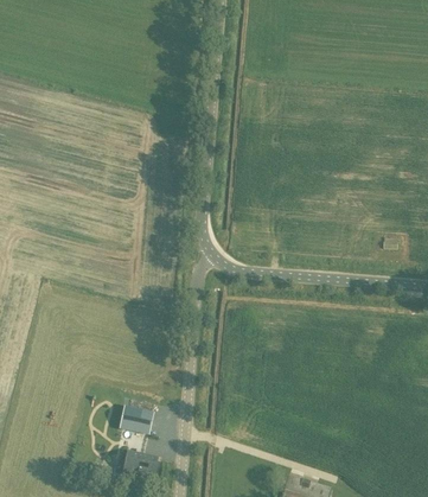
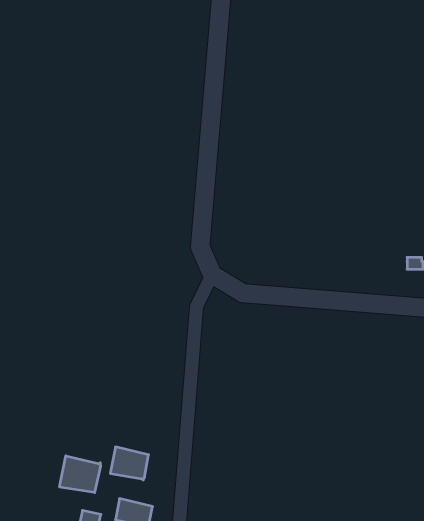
building: none -> [60,456,100,493]

